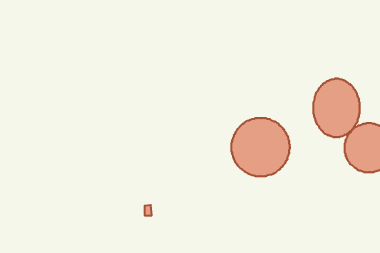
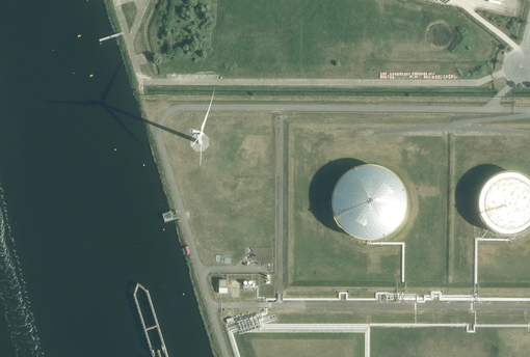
building: [313,78,359,137] -> none

